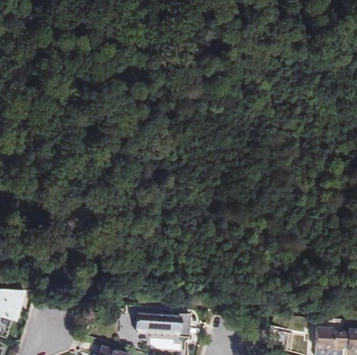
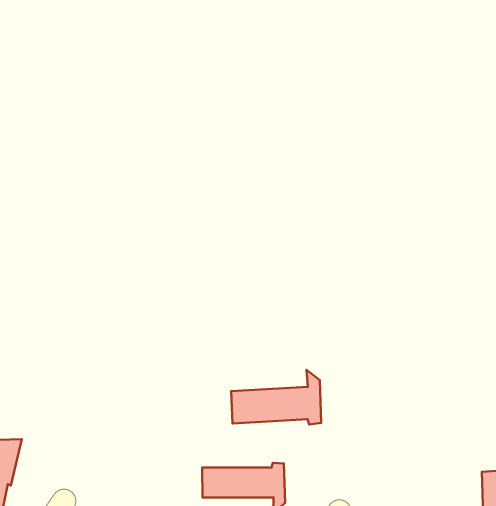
building: none -> [231,370,321,424]

